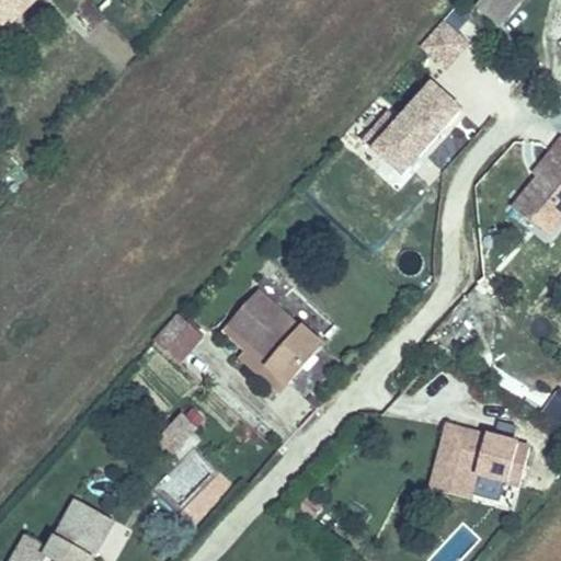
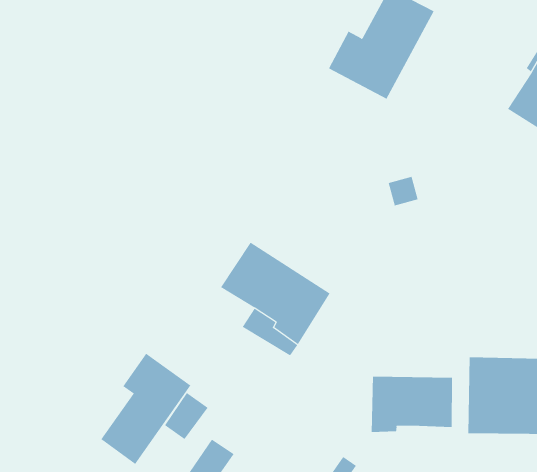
building: [158,313,202,358] -> none
building: none -> [101,353,191,465]
building: none -> [371,376,452,433]

